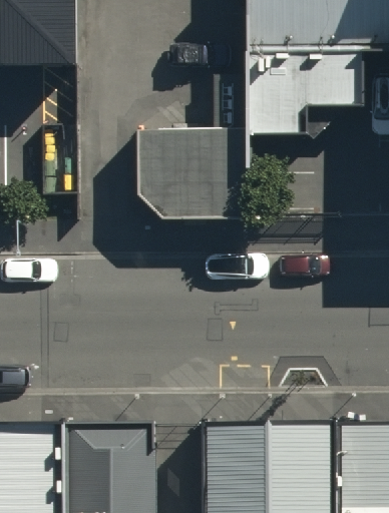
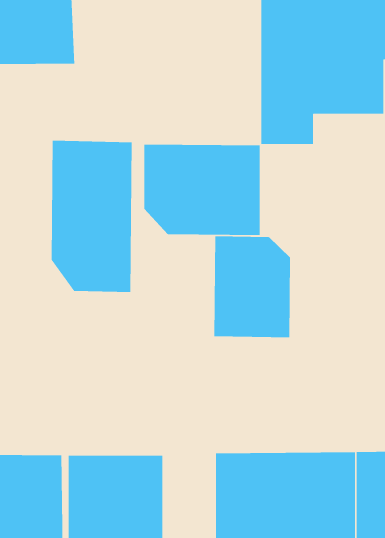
building: none -> [51,140,132,293]
building: none -> [213,235,291,338]

